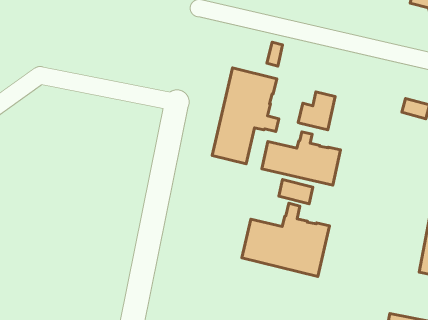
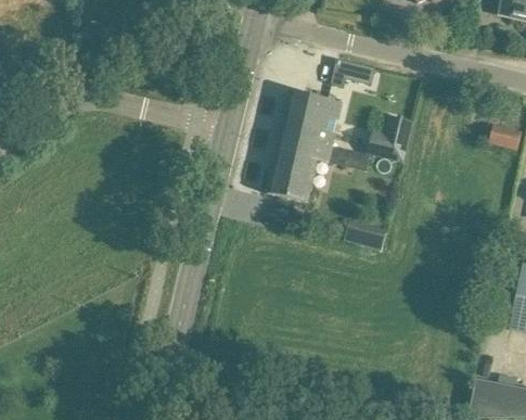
building: [262,132,340,185] -> none
building: [242,203,329,276] -> none

